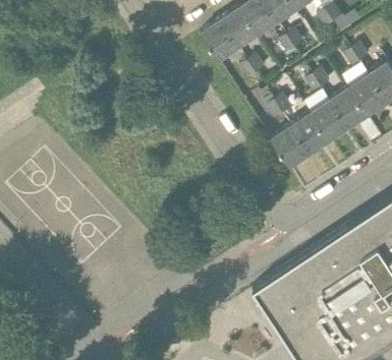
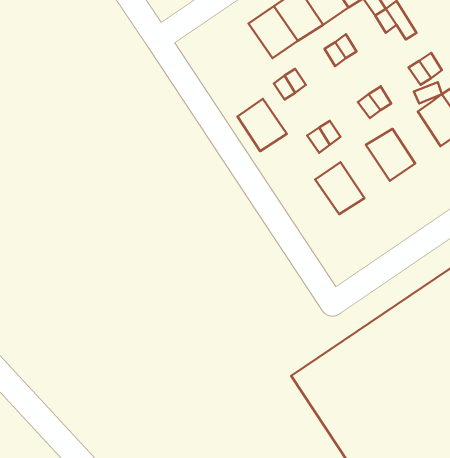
building: [201,20,238,60] -> [237,99,287,151]
building: [330,87,367,127] -> none
building: [290,113,328,154] -> none

